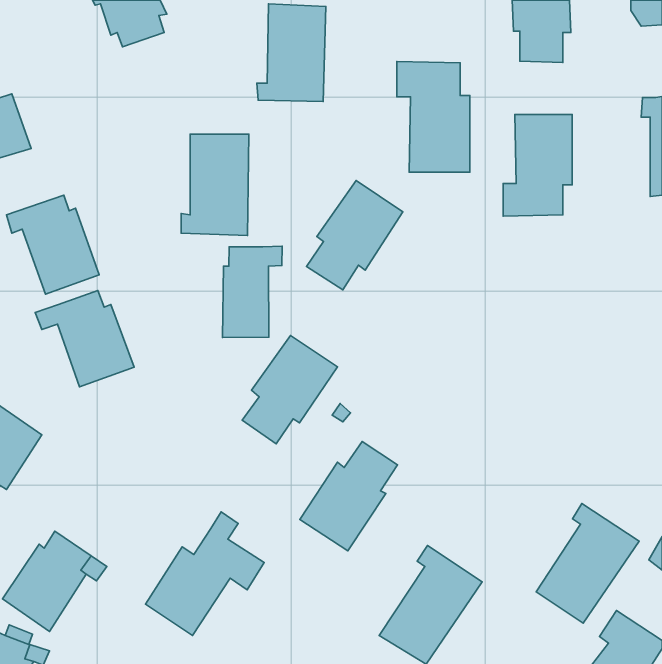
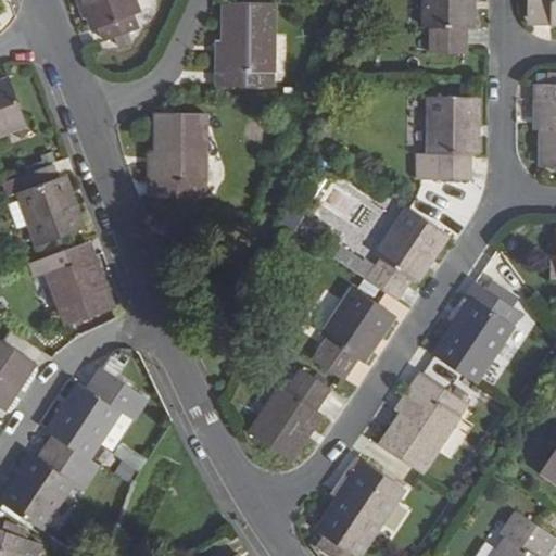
building: [397,61,470,172] -> none
building: [306,180,403,290] -> [365,207,445,299]
building: [222,246,282,338] -> none
building: none -> [434,279,519,379]
building: [242,336,337,444] -> [315,290,394,380]
building: [536,503,639,623] -> [380,371,466,471]
building: [146,512,264,635] -> [48,354,147,457]

